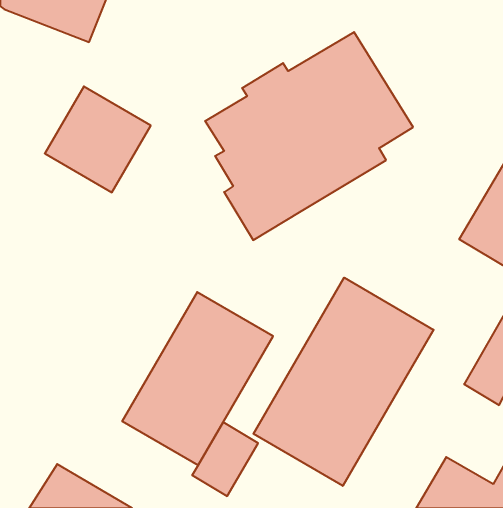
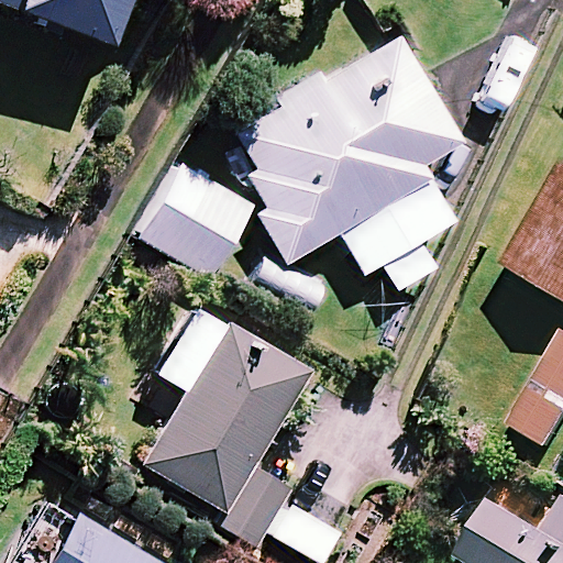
building: [45,86,151,192] -> [137,162,254,278]
building: none -> [340,176,459,274]
building: [253,278,434,486] -> none

